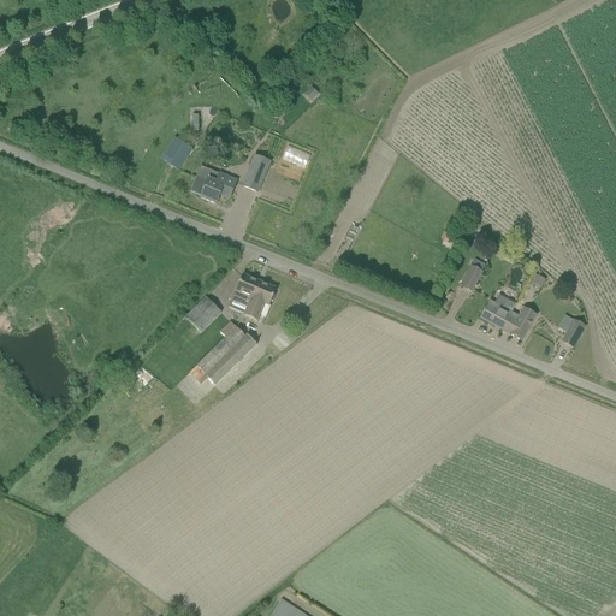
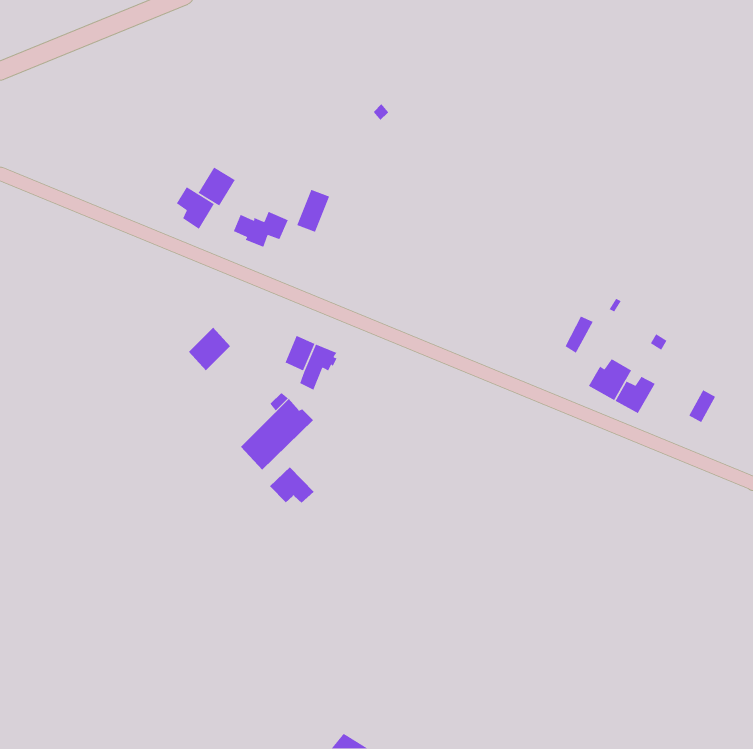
building: none -> [176,186,215,230]
building: [185,295,220,331] -> [188,327,231,371]
building: none -> [269,466,314,503]

